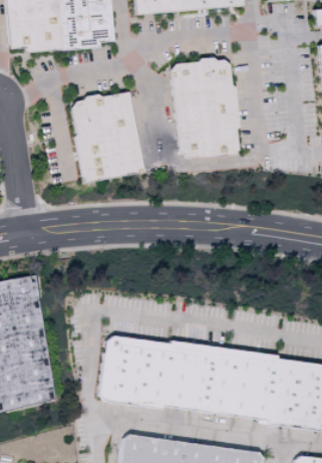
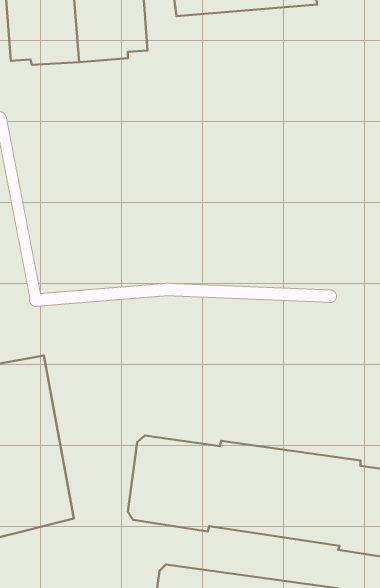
building: [170,57,236,160] -> none
building: [70,91,141,183] -> none

